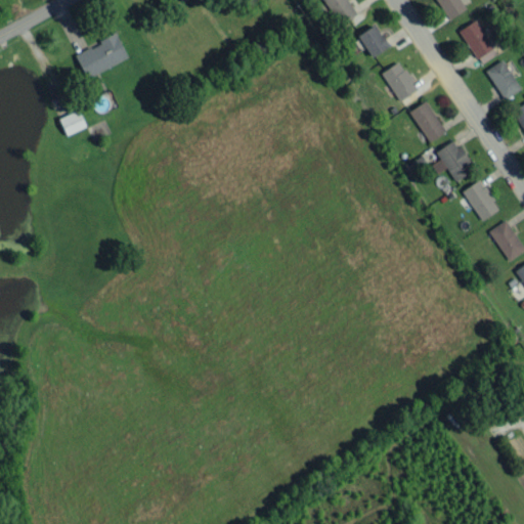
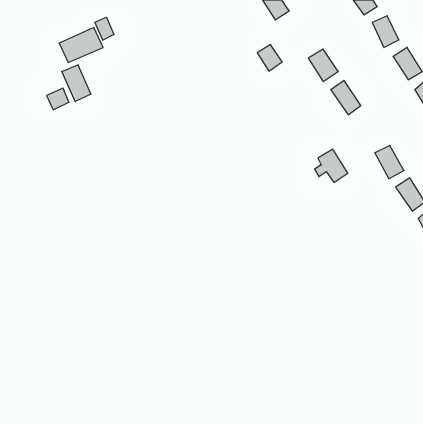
building: none -> [95,17,114,40]
building: [359,25,390,57] -> [257,45,282,71]
building: none -> [62,65,91,102]
building: [433,140,474,181] -> [315,149,348,182]

